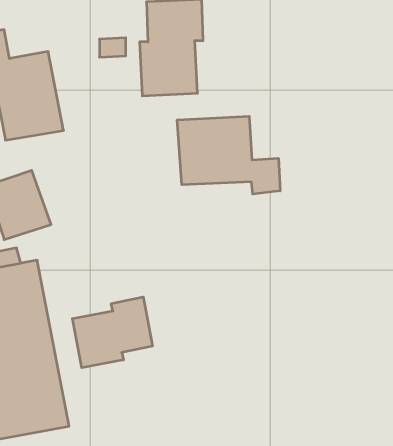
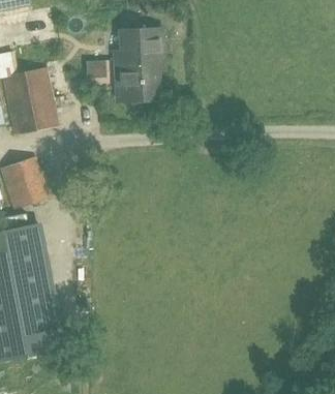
building: [177,116,280,194] -> none
building: [72,297,152,368] -> none

